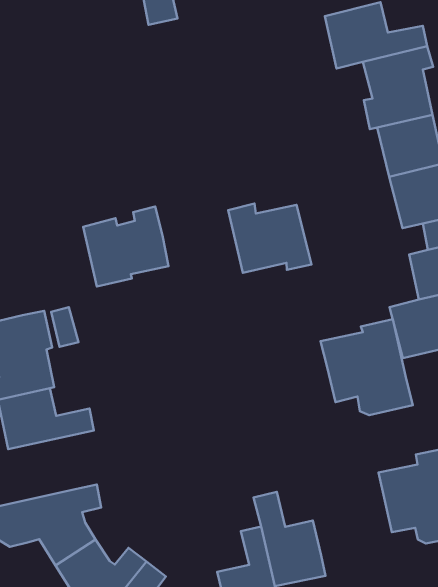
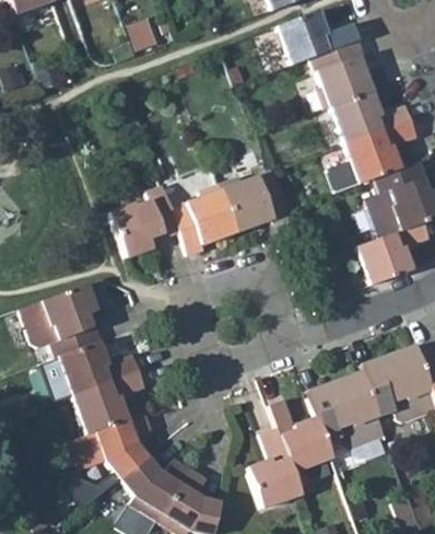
building: none -> [173,185,238,256]
building: [321,319,413,415] -> [309,373,387,450]
building: none -> [74,369,145,431]

